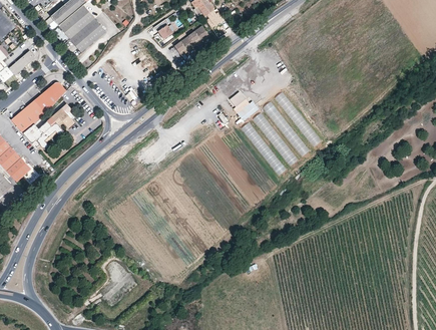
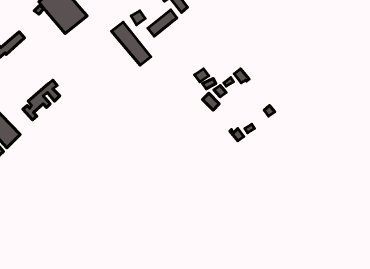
building: none -> [112,22,151,65]
building: [11,84,65,134] -> none

